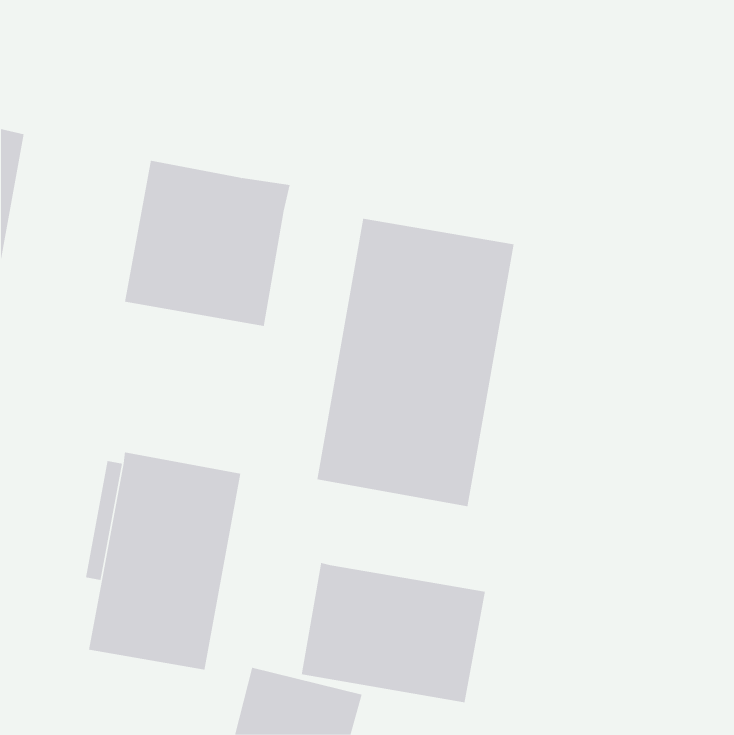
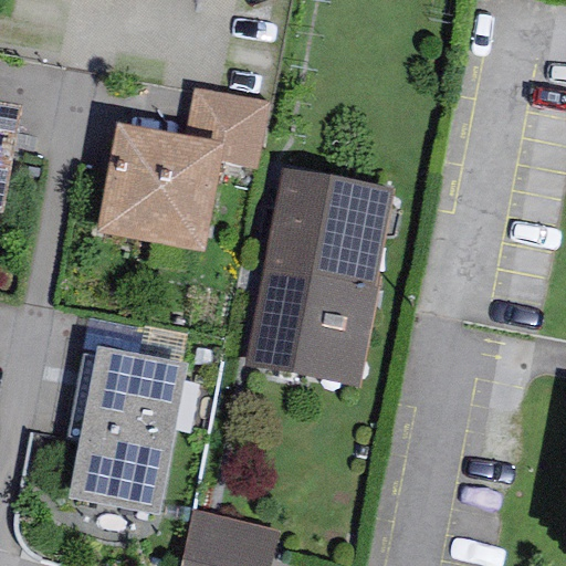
building: none -> [188,88,269,168]
building: [301,562,485,703] -> none

